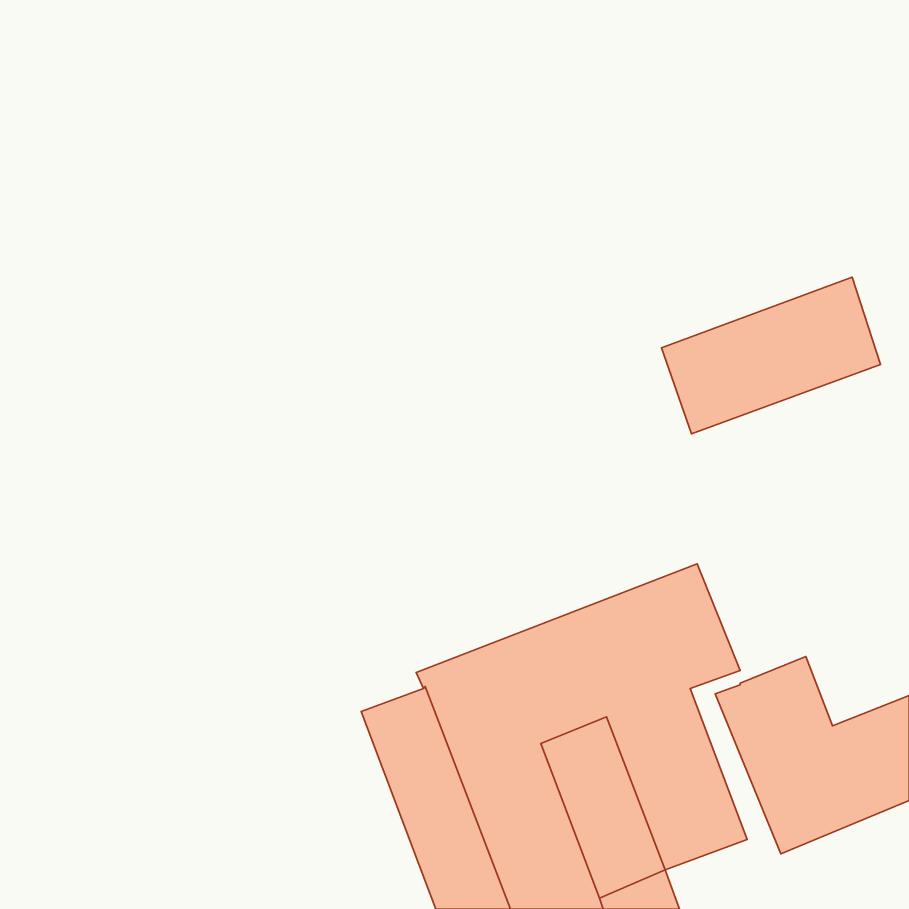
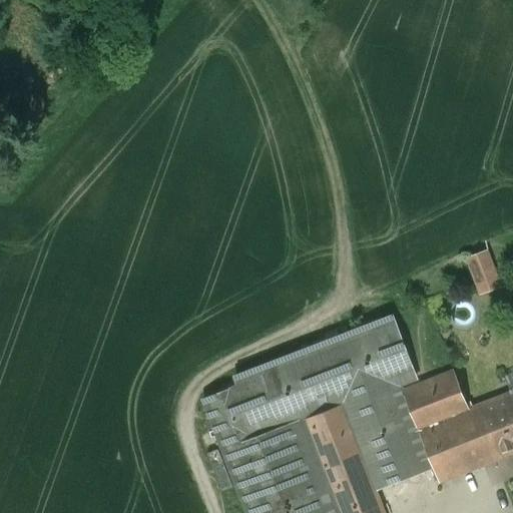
building: [662,277,880,434] -> none
building: none -> [469,252,497,289]

